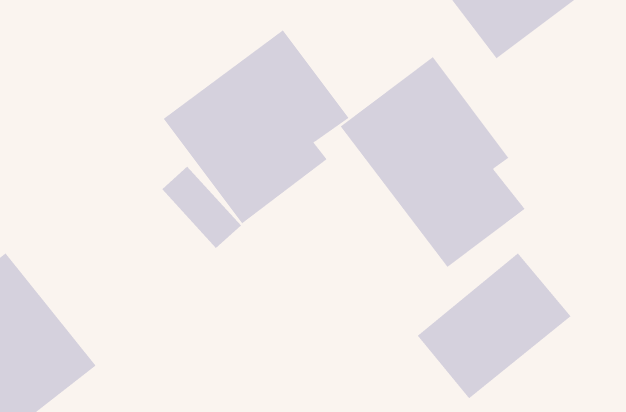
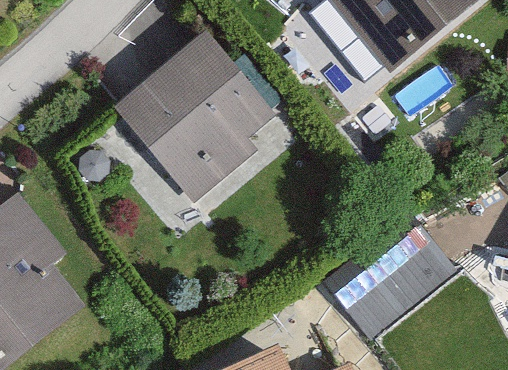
building: [340,56,525,268] -> none

